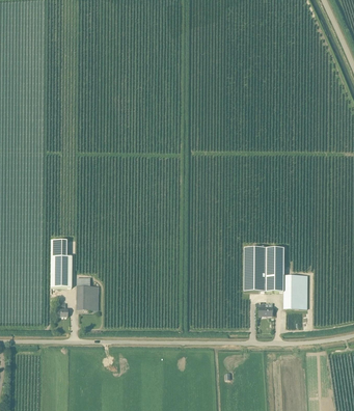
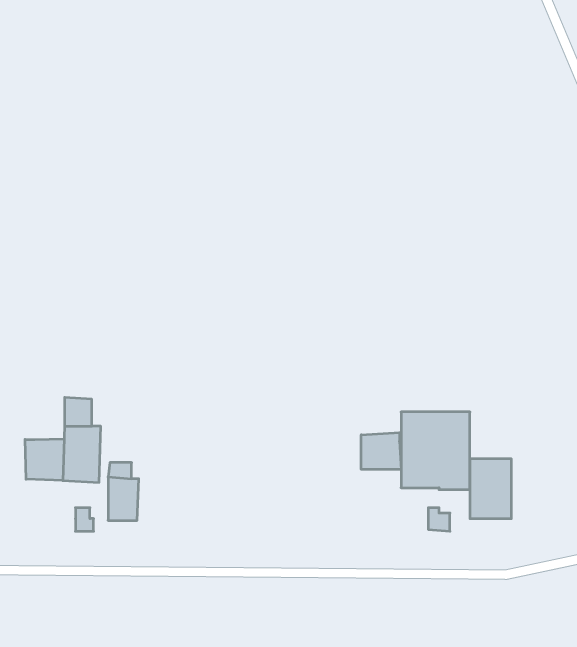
building: none -> [361,433,401,469]
building: none -> [25,439,64,480]

